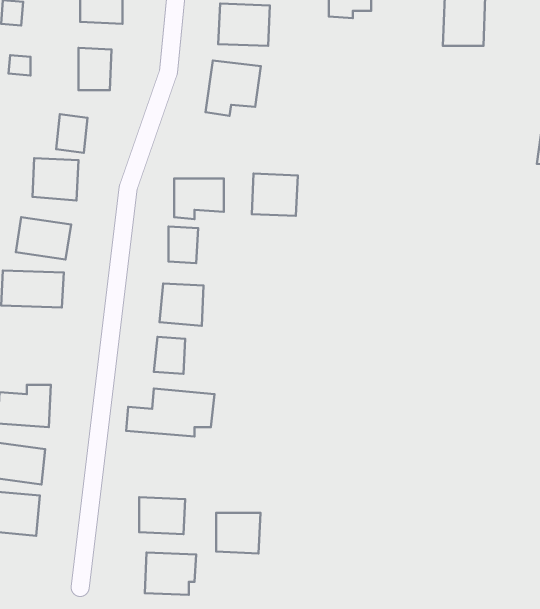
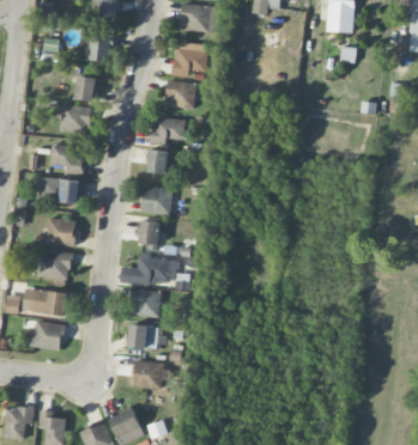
building: [252,174,298,216] -> [165,81,195,109]
building: none -> [47,219,75,245]
building: [216,513,260,553] -> [132,291,160,317]

